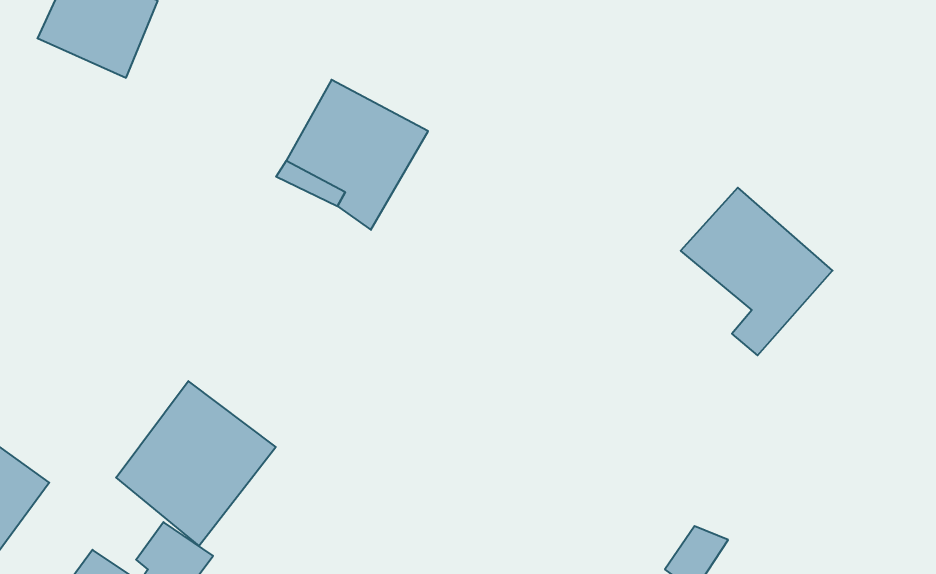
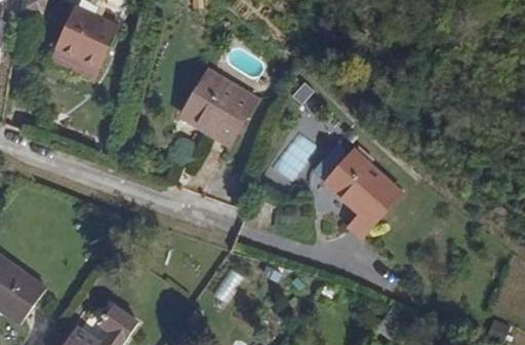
building: [681,188,833,355] -> [323,149,402,236]
building: [116,381,276,546] -> none

